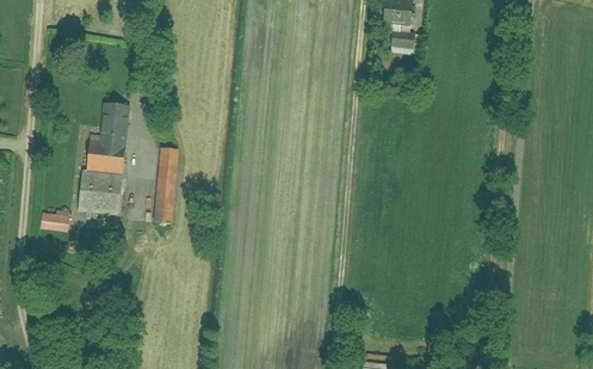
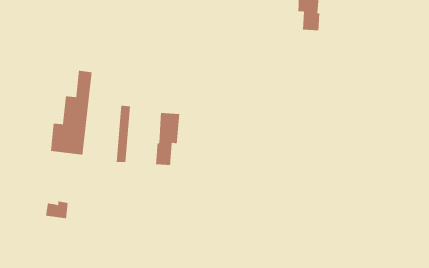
building: none -> [156,112,180,166]
building: [44,209,74,232] -> [45,201,69,219]

